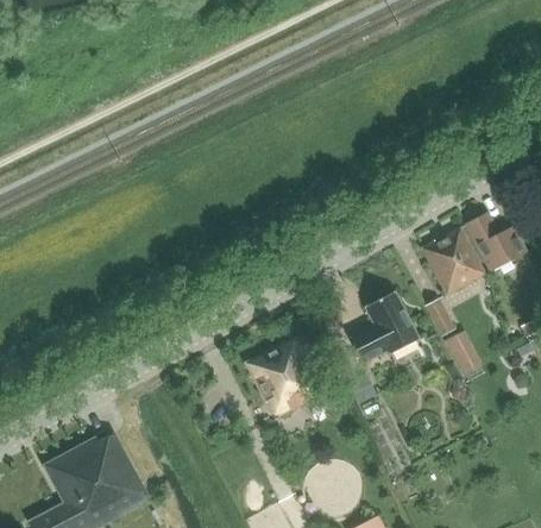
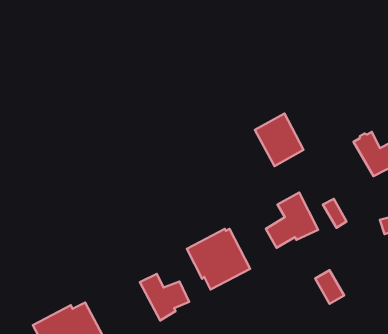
building: [421,227,485,296] -> [255,113,304,166]
building: [444,331,482,375] -> [315,270,344,304]
building: none -> [140,274,189,321]

